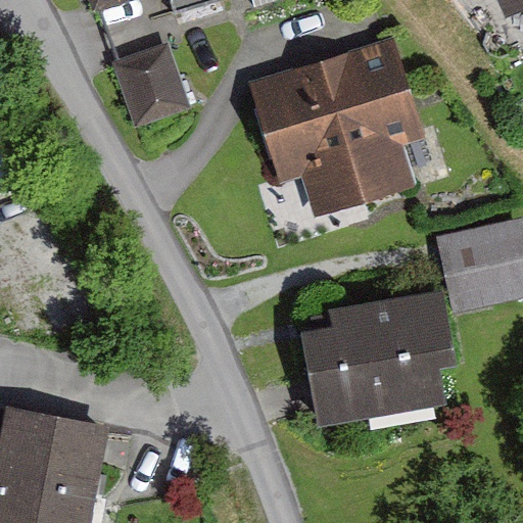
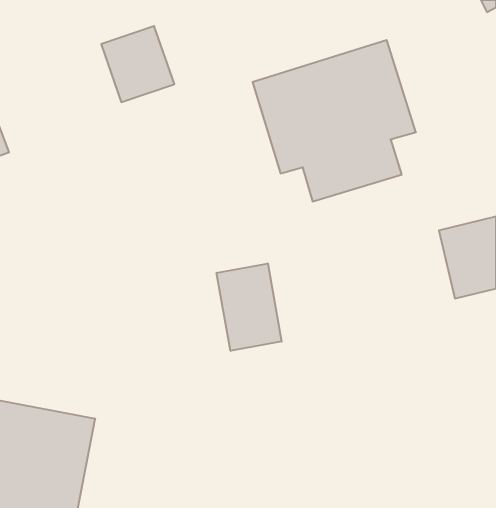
building: none -> [217,263,282,351]
building: [305,293,456,423] -> none

